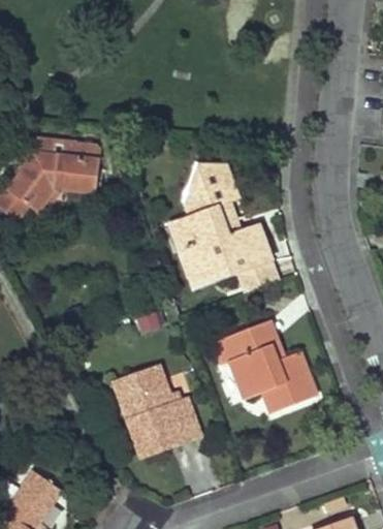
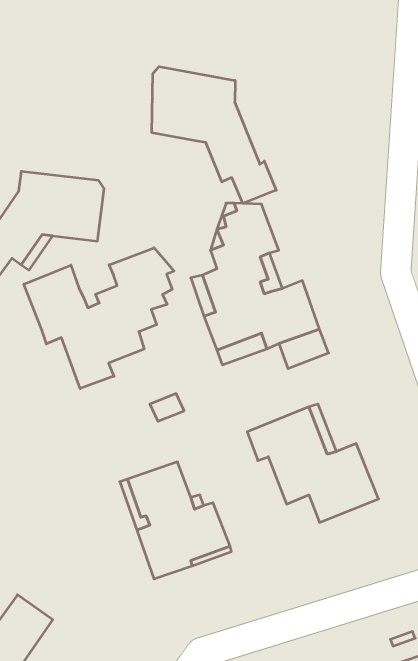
building: none -> [152,67,276,203]
building: none -> [24,248,174,389]

